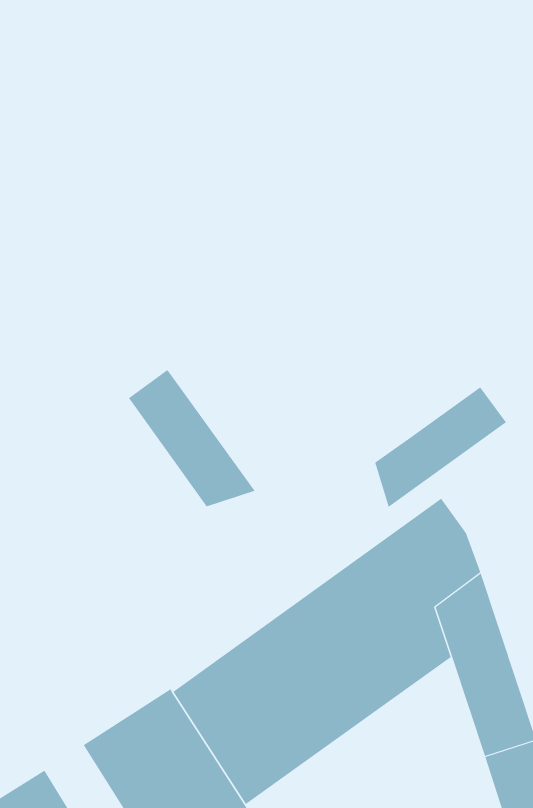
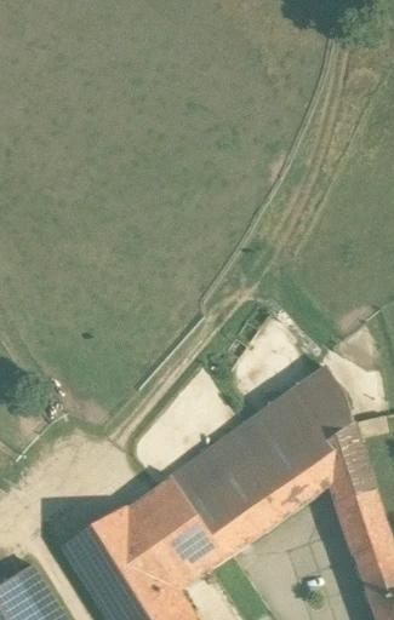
building: [128,369,256,507] -> none
building: [375,387,506,508] -> none

